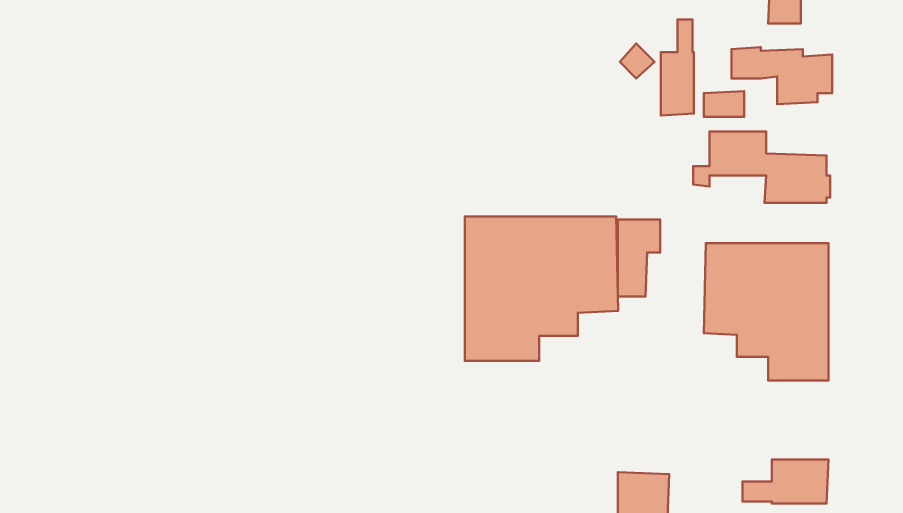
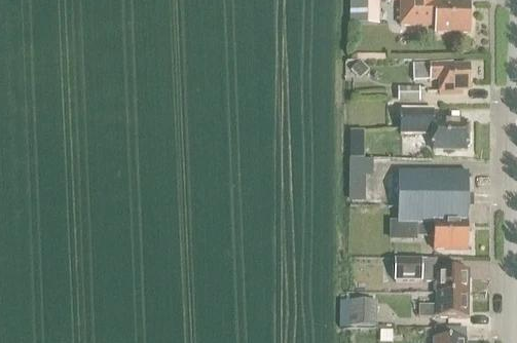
building: [661,20,694,115] -> none
building: [465,217,618,361] -> none
building: none -> [395,256,468,291]

